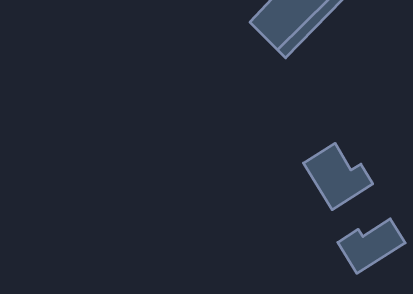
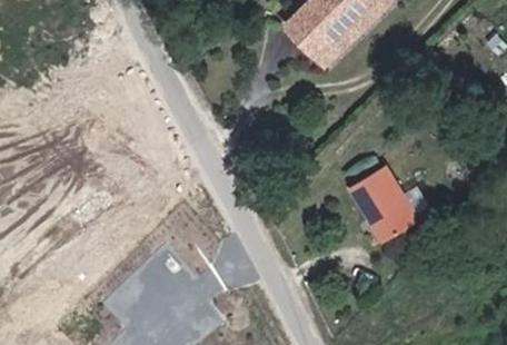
building: [338,219,405,273] -> none

